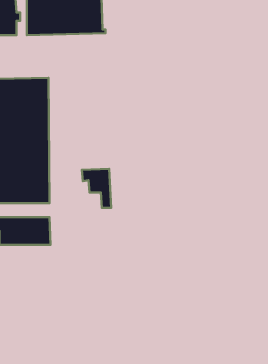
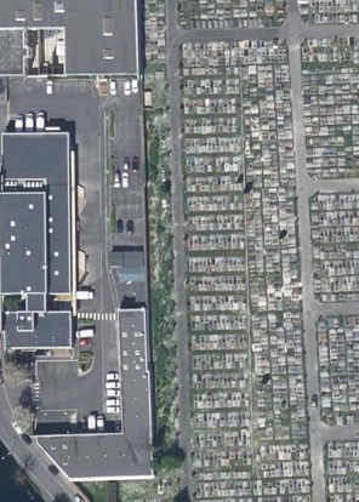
building: none -> [36,307,149,475]

